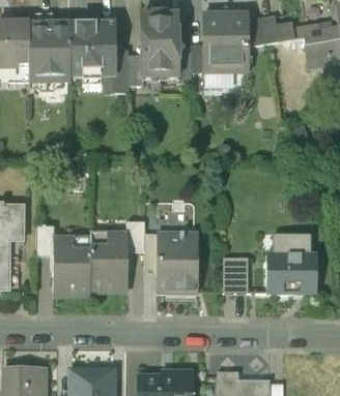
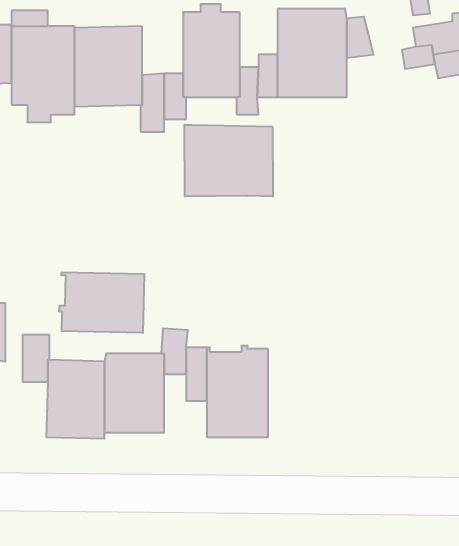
building: [261,13,295,41] -> none
building: none -> [184,125,273,197]
building: none -> [59,272,144,333]
building: [267,233,317,293] -> none
building: [223,255,249,293] -> none

